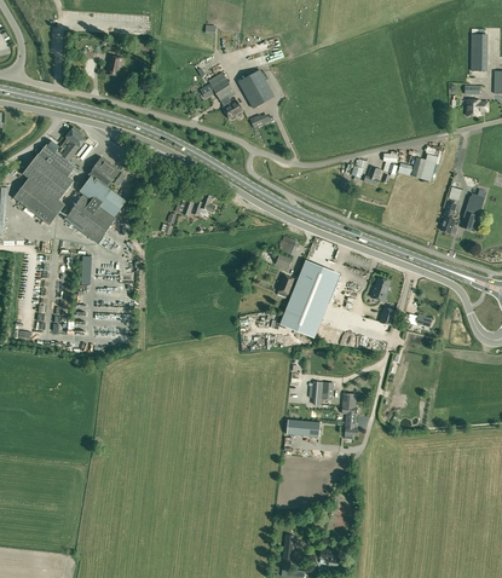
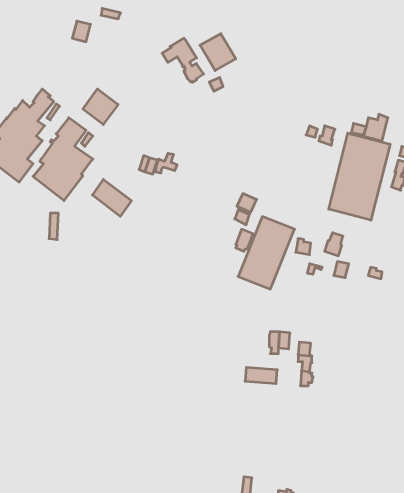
building: none -> [83,89,118,125]
building: none -> [329,133,390,220]
building: none -> [92,179,131,216]

